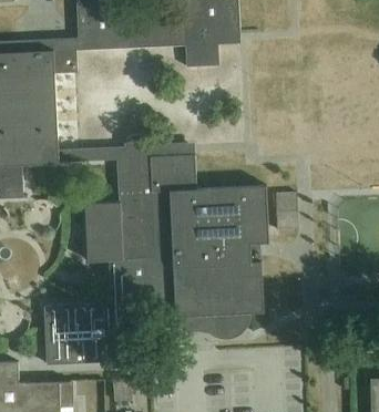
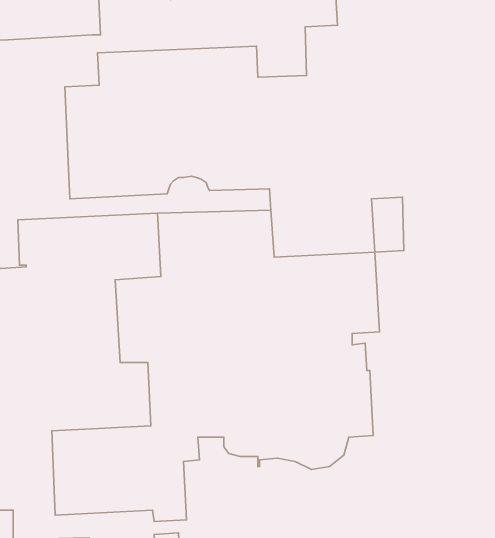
building: [275,193,297,230] -> [372,197,404,252]

